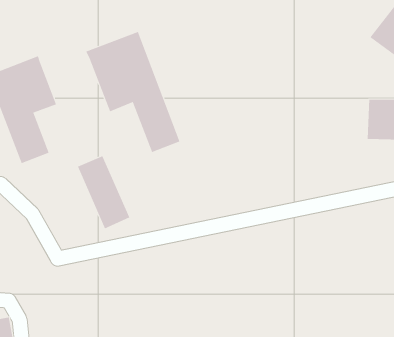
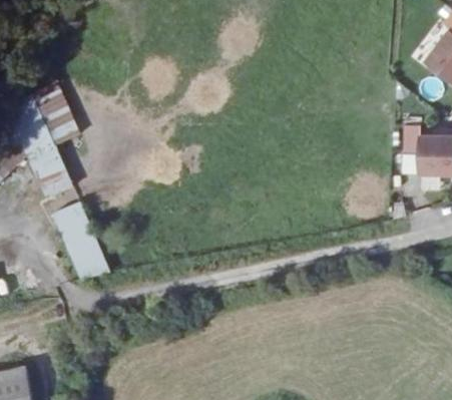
building: [86,31,180,153] -> none
building: [77,155,130,229] -> [50,201,108,282]

